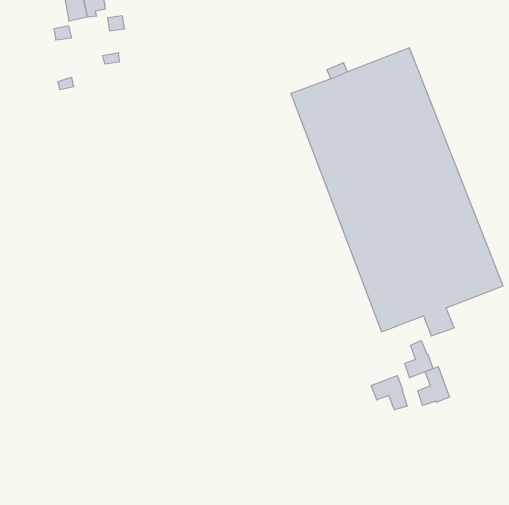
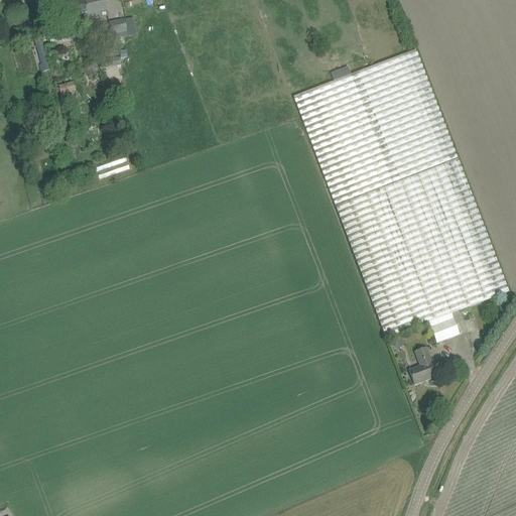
building: [418,367,450,405] -> none
building: [371,376,407,410] -> none

